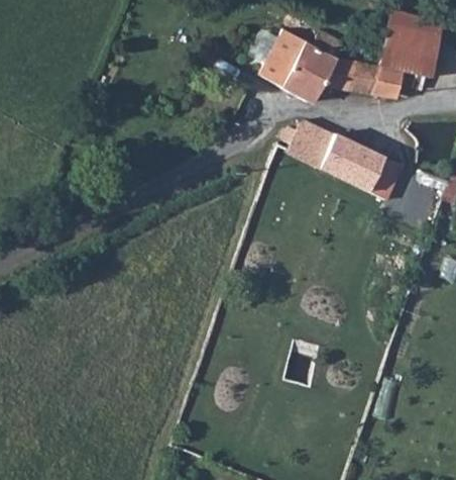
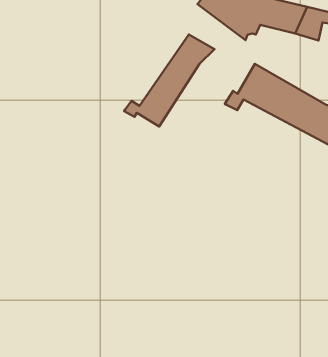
building: none -> [124,34,214,126]

